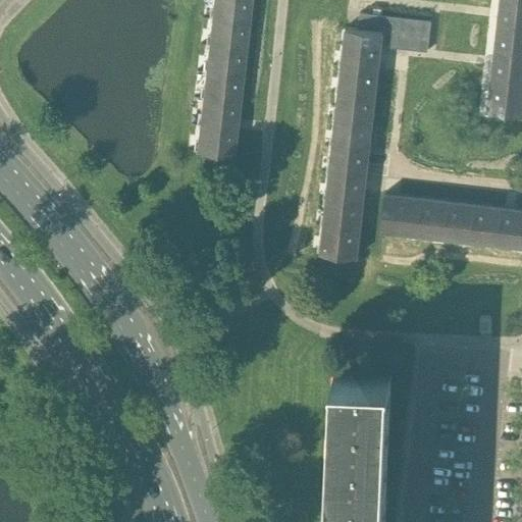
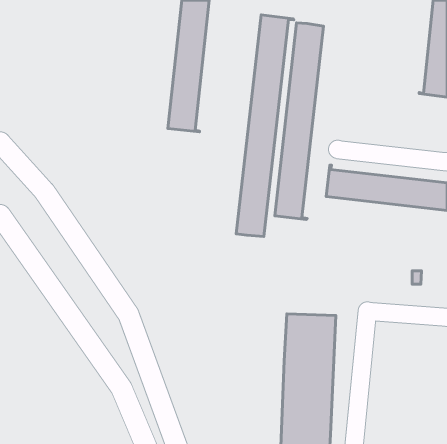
building: [358,15,430,54] -> none
building: none -> [236,15,294,236]

